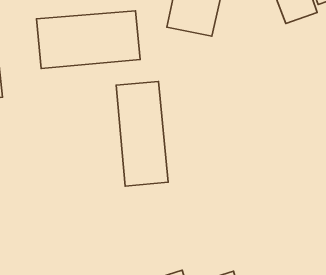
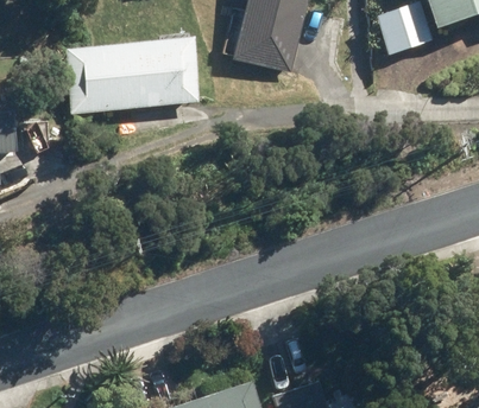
building: [116,81,168,186] -> none

